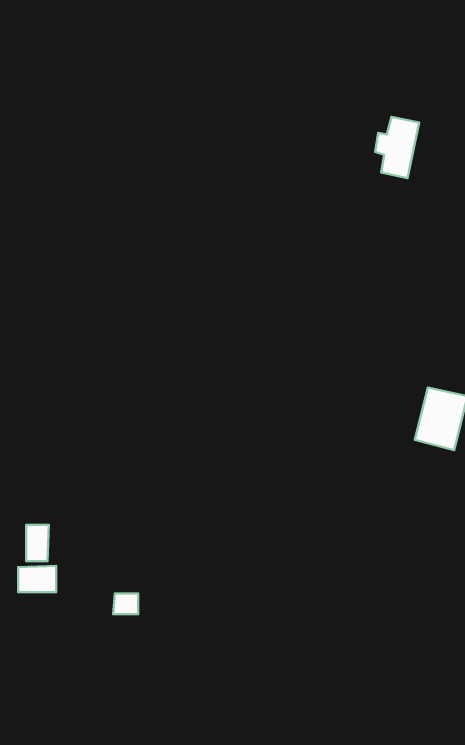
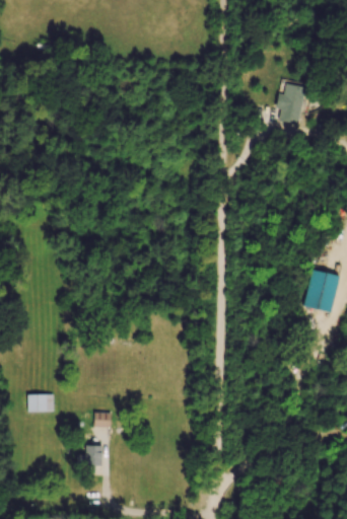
building: [26,525,49,561] -> none
building: none -> [78,445,103,466]

